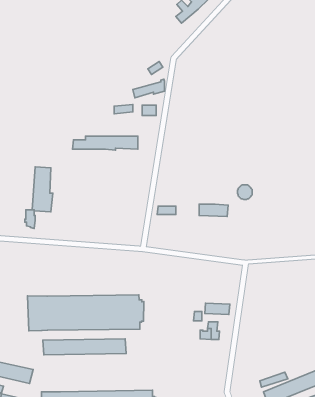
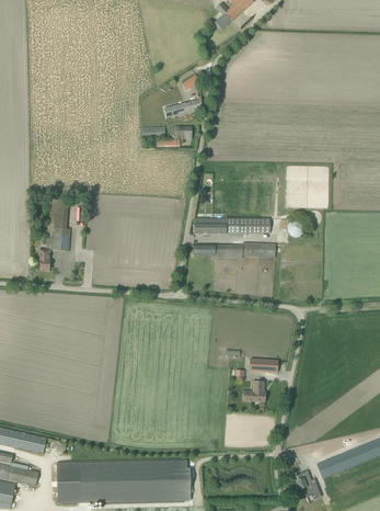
building: [73,136,138,150] -> [193,218,269,235]
building: [28,295,144,331] -> none
building: [43,339,126,355] -> none

